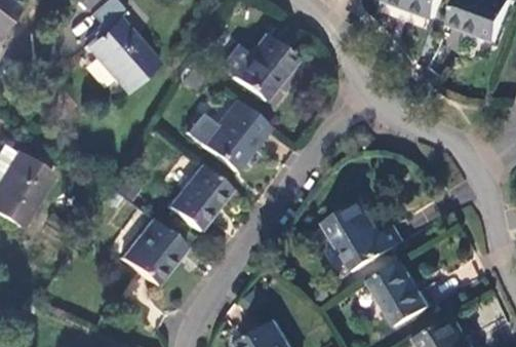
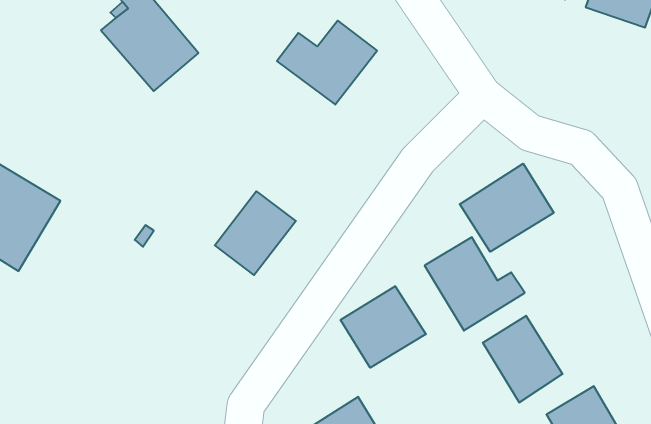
building: [198,101,267,172] -> none
building: none -> [460,164,554,252]
building: [119,221,185,286] -> none
building: none -> [341,286,426,368]

